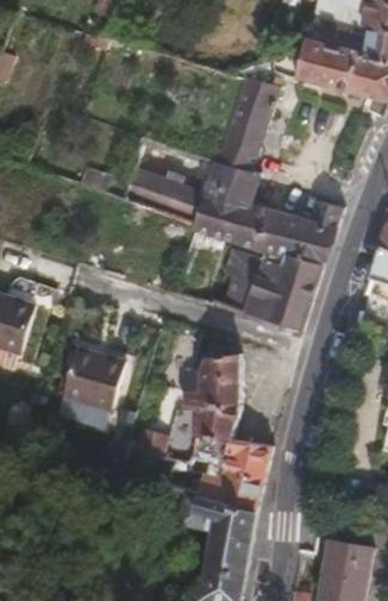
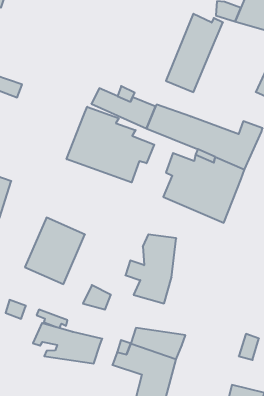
building: [207,161,261,204] -> none
building: none -> [67,107,154,182]
building: [186,433,273,480] -> [33,323,102,364]

